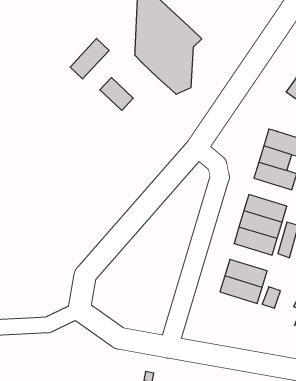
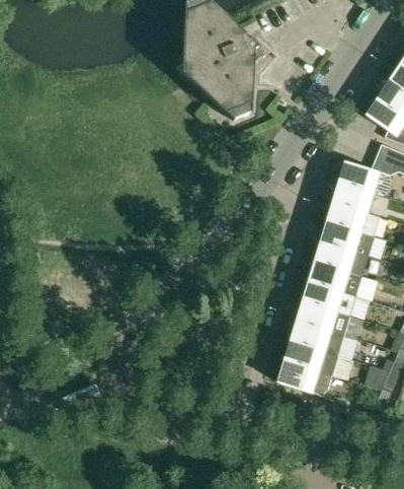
building: [70,38,109,79] -> none
building: [100,78,133,110] -> none
building: none -> [321,220,374,255]
building: none -> [298,300,349,334]
building: none -> [279,359,331,395]

